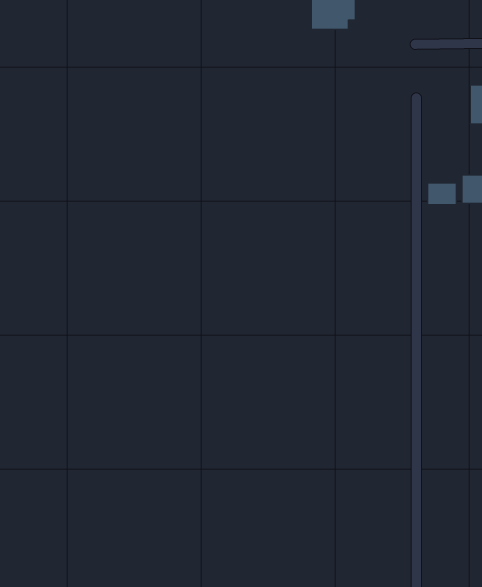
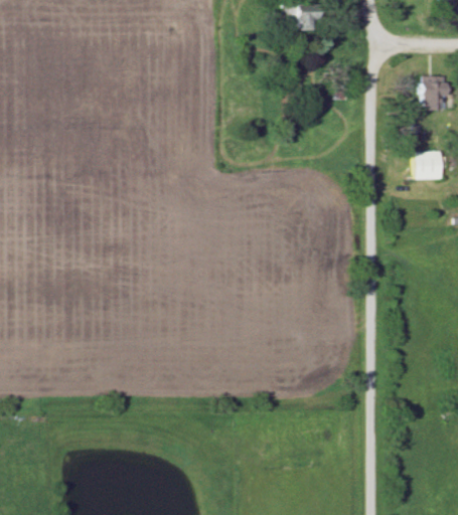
building: [428,183,456,205] -> none

